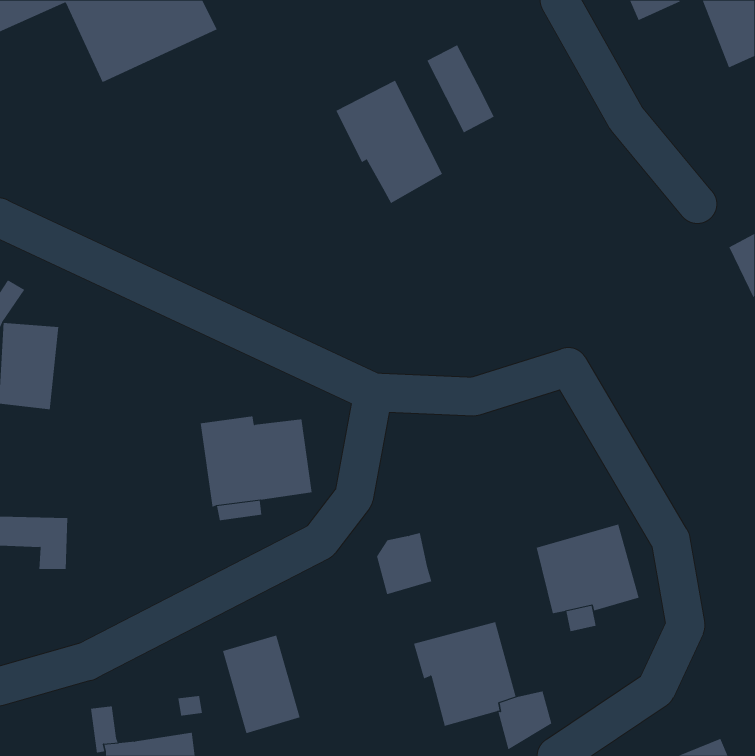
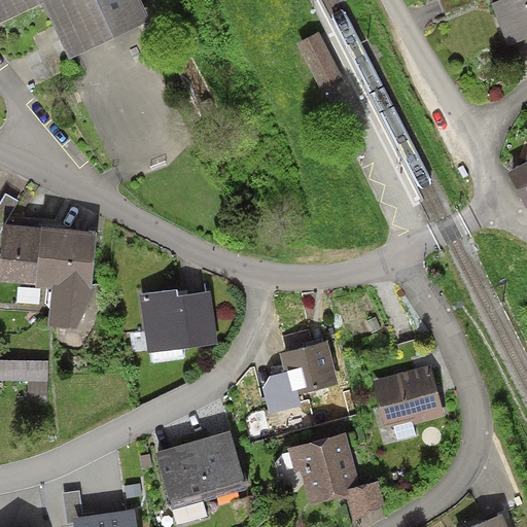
building: [335,80,443,204] -> none
building: none -> [35,227,97,329]
building: none -> [279,341,338,394]
building: none -> [192,430,246,499]

